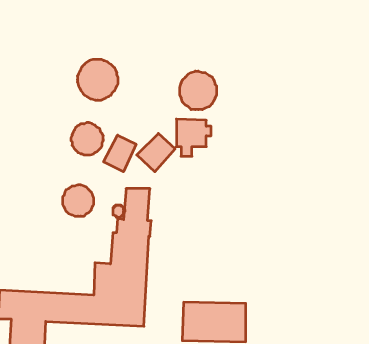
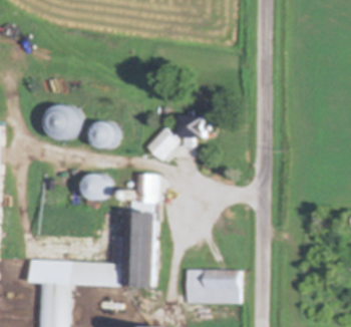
building: [77,59,118,100] -> [47,103,81,137]
building: [180,71,217,110] -> none
building: [104,135,136,172] -> none

